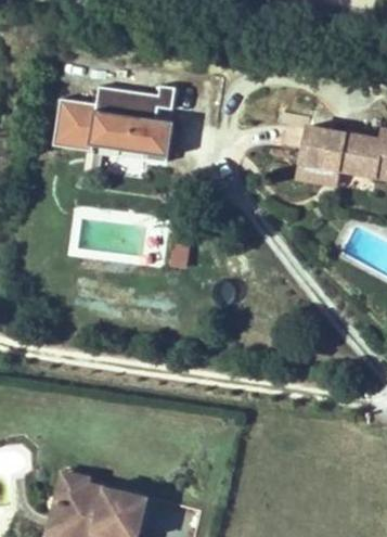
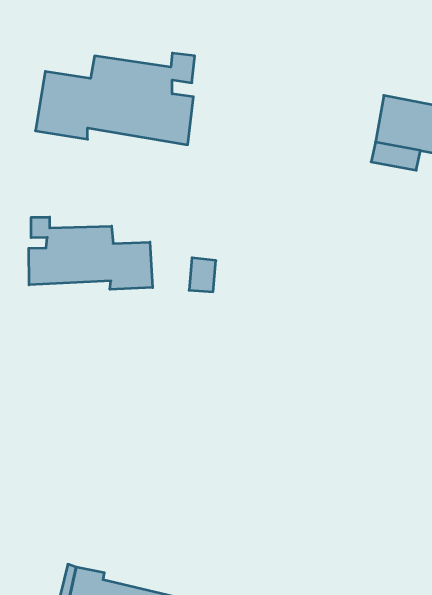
building: none -> [29,217,153,289]

